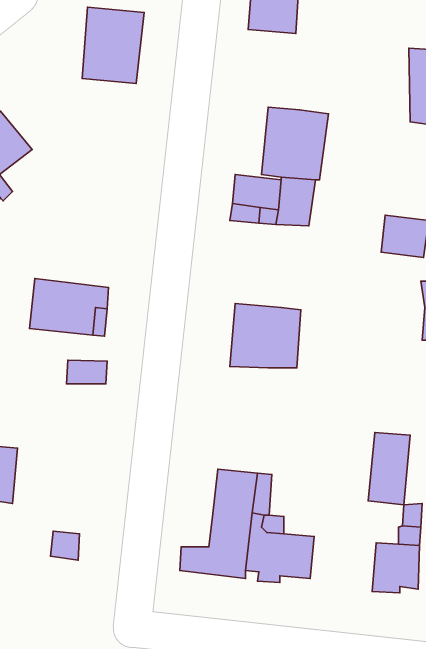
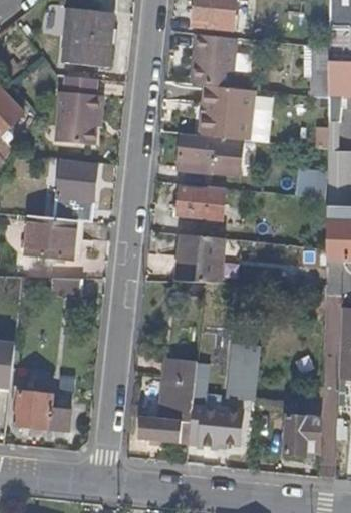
building: none -> [191,35,234,86]
building: none -> [58,75,107,142]
building: none -> [53,160,96,221]
building: none -> [172,183,226,236]
building: [368,432,410,505] -> [227,345,259,400]
building: none -> [13,386,43,426]

